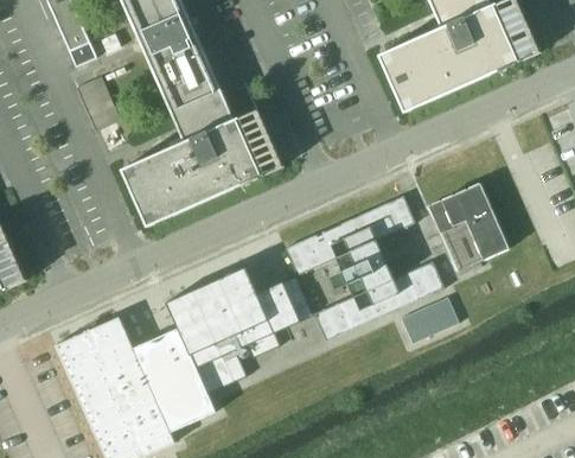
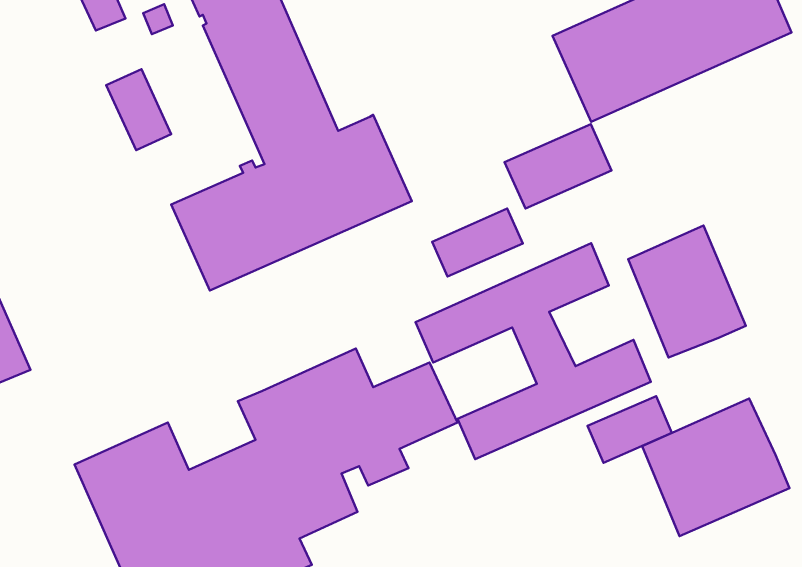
building: none -> [505,124,612,209]
building: none -> [432,209,523,277]
building: none -> [642,398,789,536]

